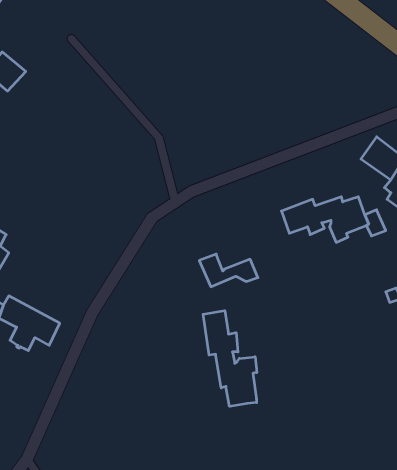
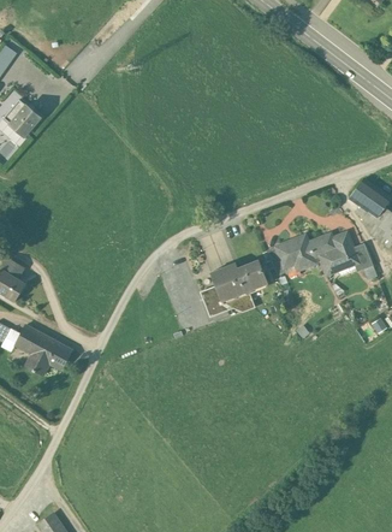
building: none -> [210,259,267,301]
building: [203,311,257,406] -> none

